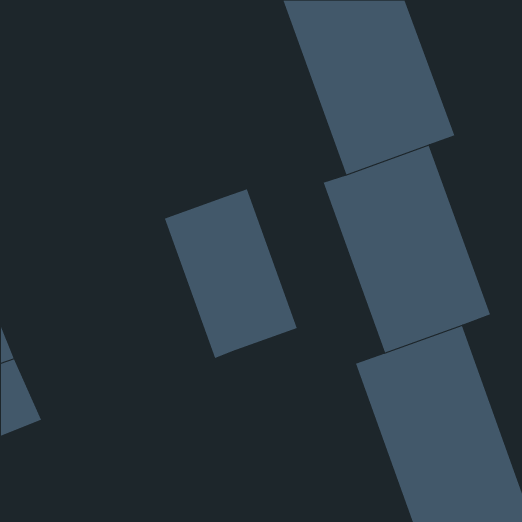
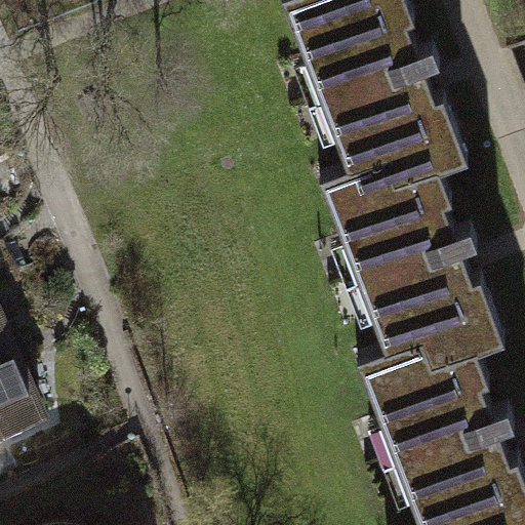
building: [164,188,297,359] -> none

